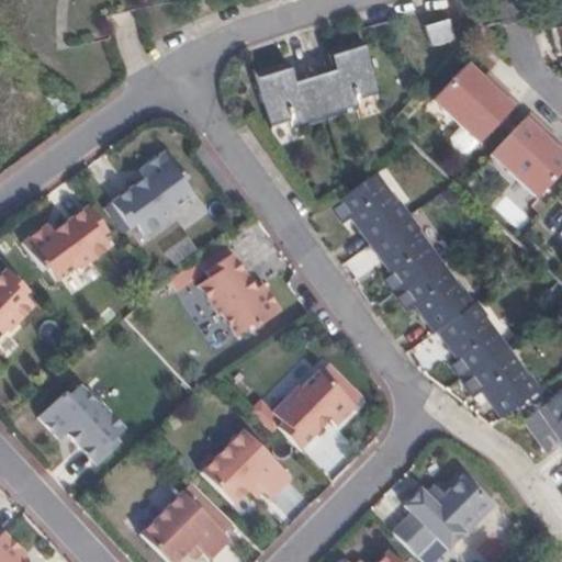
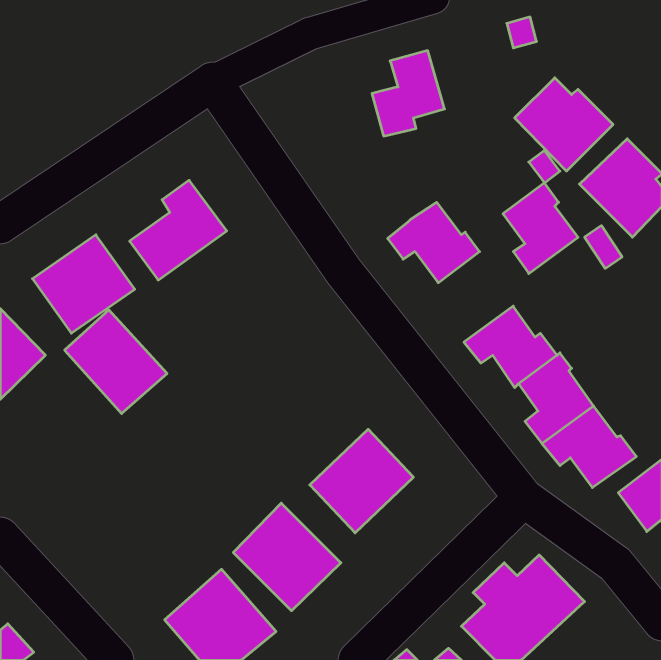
building: [257,63,326,124] -> none
building: [372,213,436,290] -> [503,183,578,274]
building: [190,252,273,339] -> none
building: [41,382,127,470] -> [65,310,167,414]

